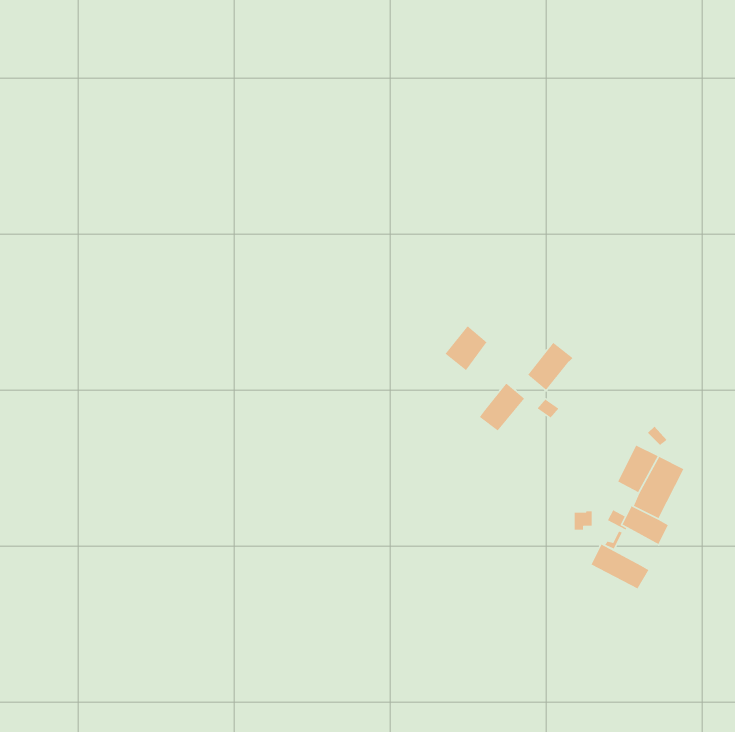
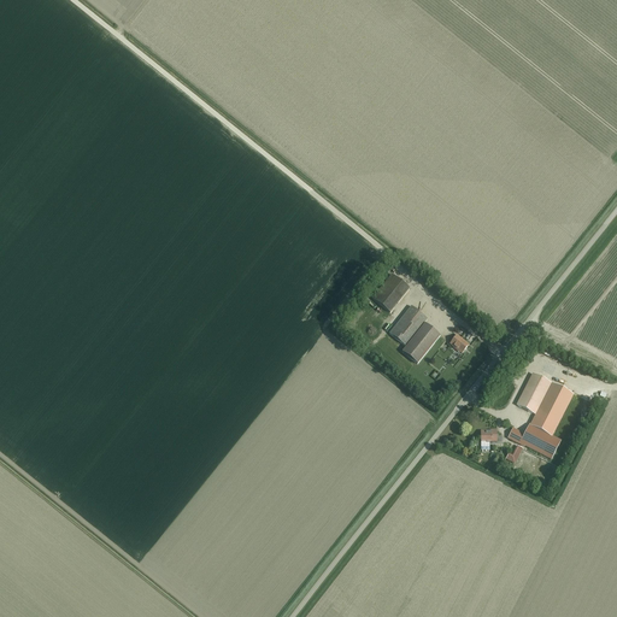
building: [527,342,573,391] -> [389,304,428,345]
building: [591,543,649,590] -> none

